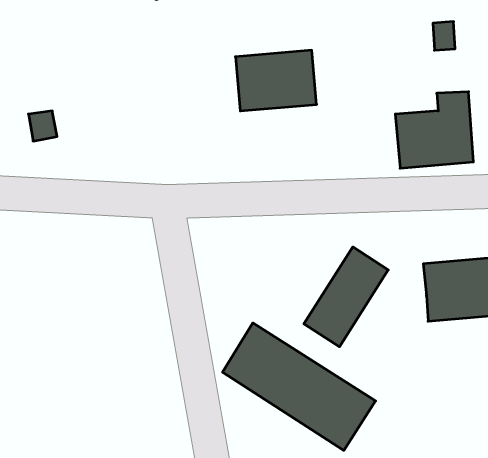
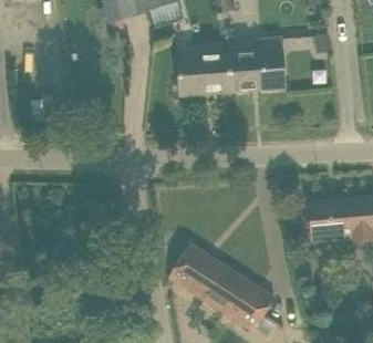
building: [395,92,473,168] -> [230,39,284,92]
building: [304,247,388,347] -> none

